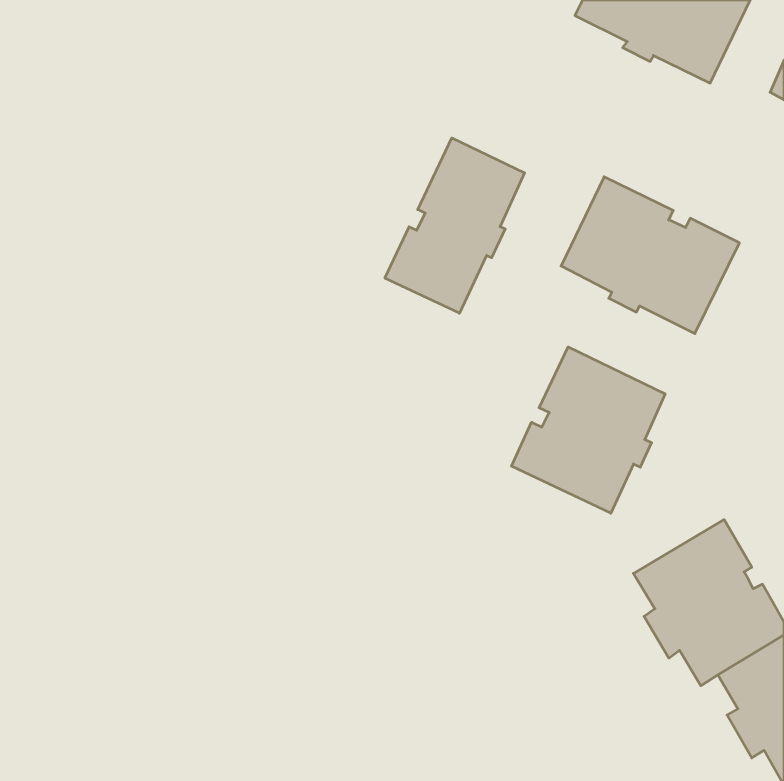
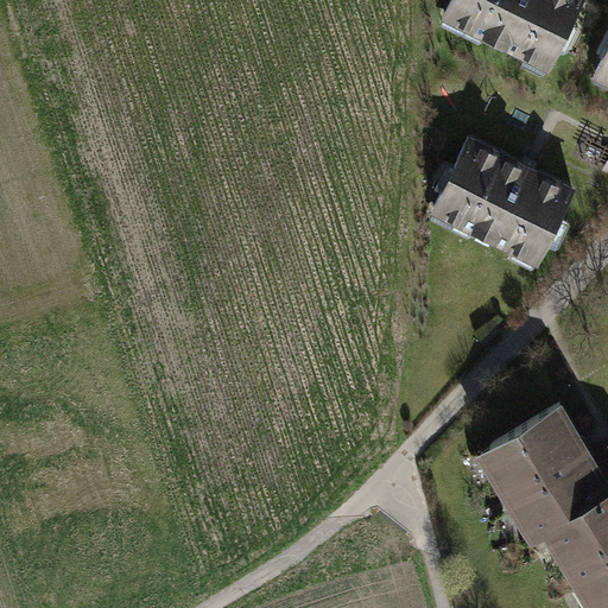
building: [385,138,525,313] -> none
building: [511,347,665,513] -> none

